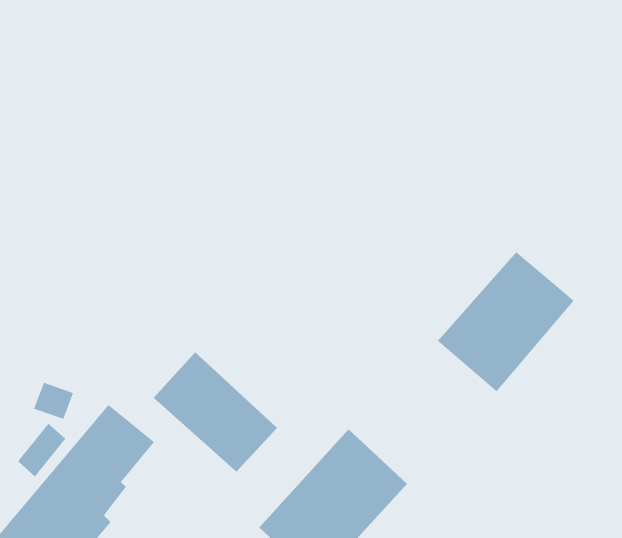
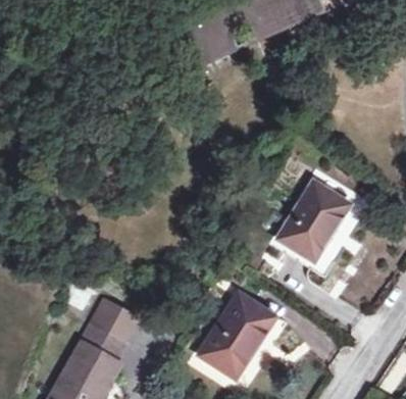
building: [153,351,278,472] -> none

